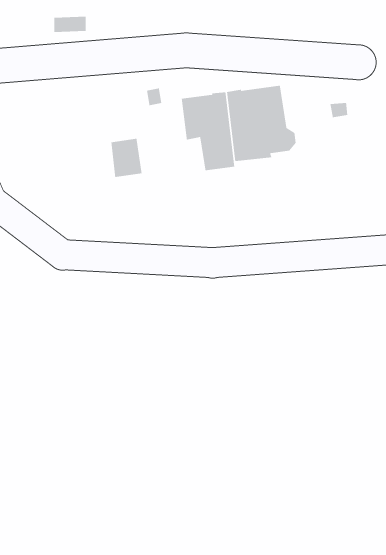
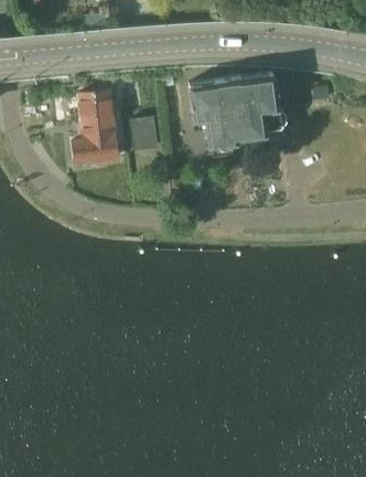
building: none -> [72,82,130,163]

